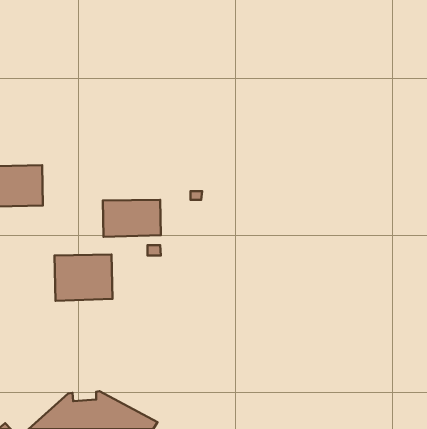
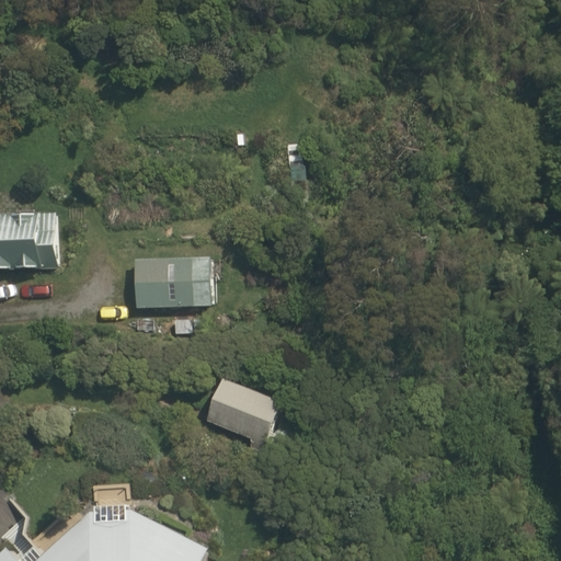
building: [55,255,112,301] -> none
building: none -> [206,378,282,454]

